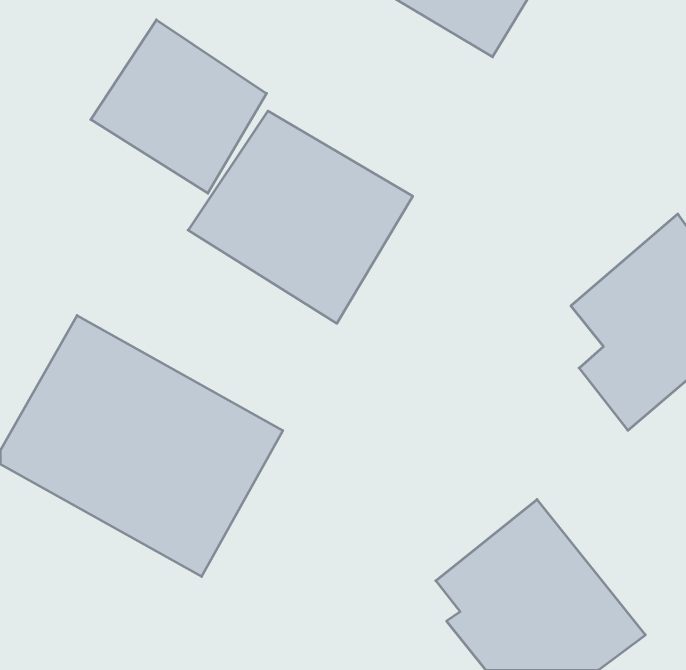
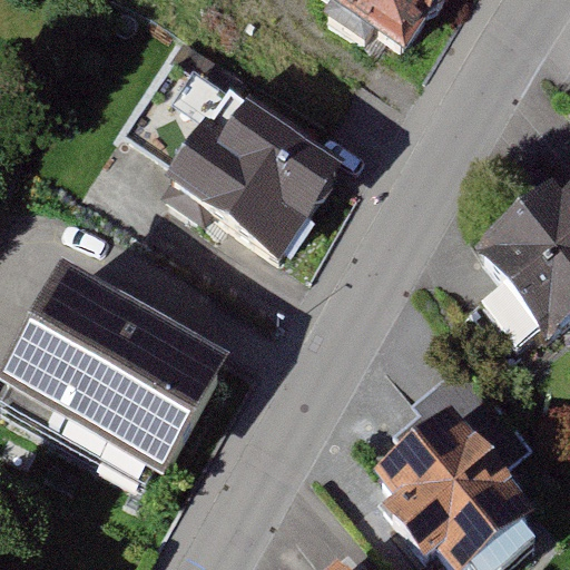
building: [91,20,267,193] -> none

